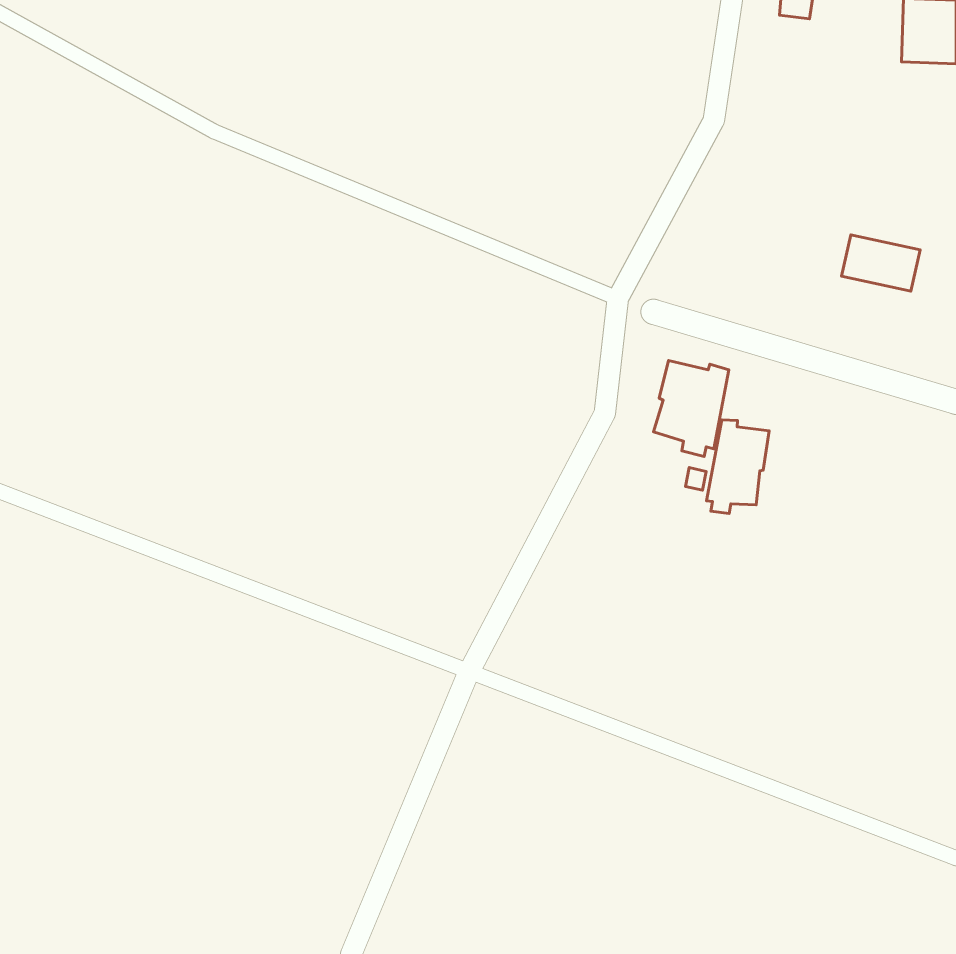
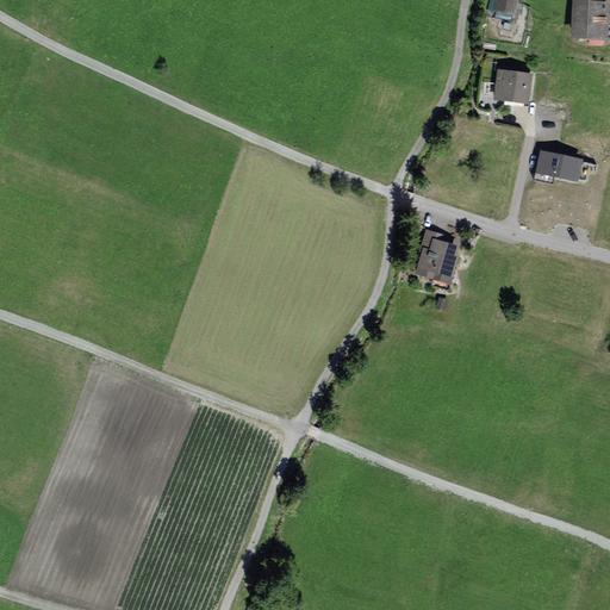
building: none -> [493,68,533,104]
building: [706,420,769,513] -> none

